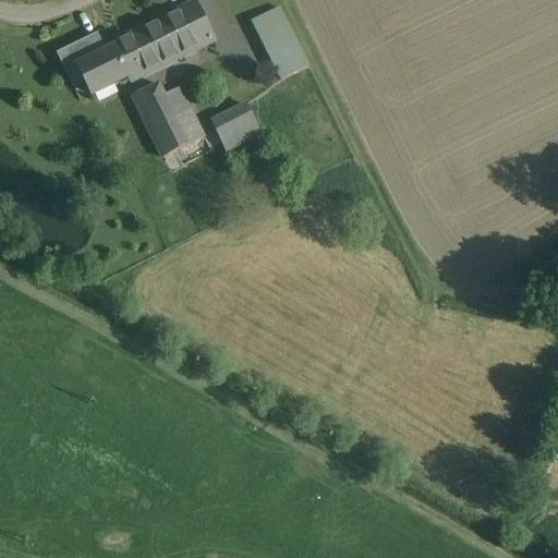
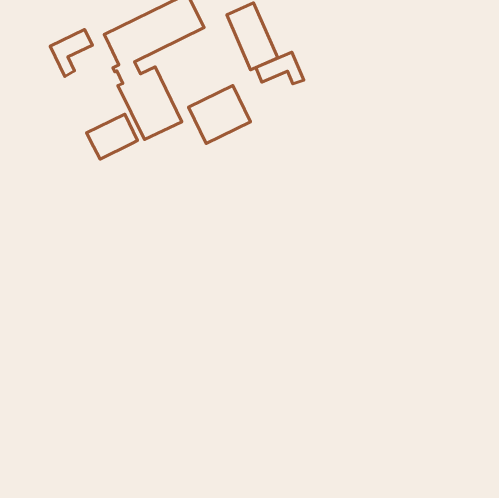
building: [75,43,132,93] -> [87,114,138,159]
building: none -> [256,52,304,84]

